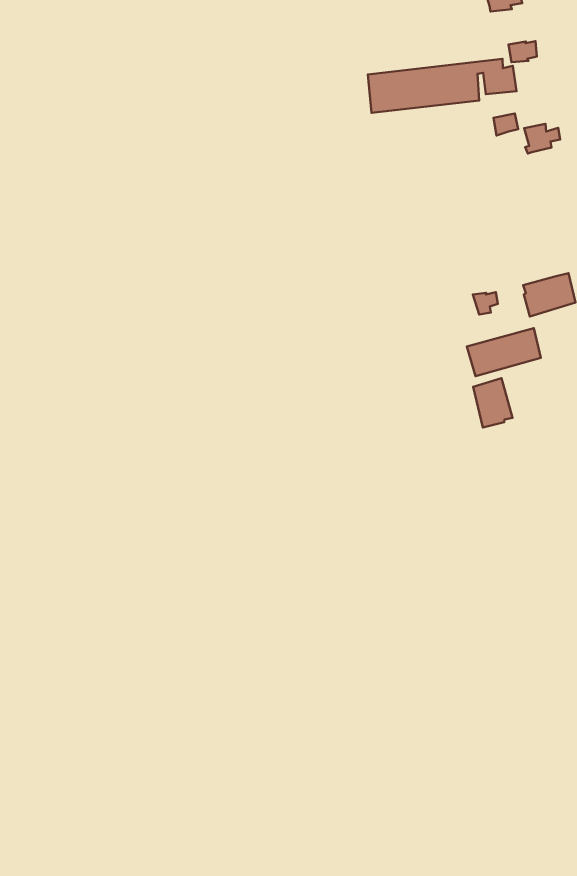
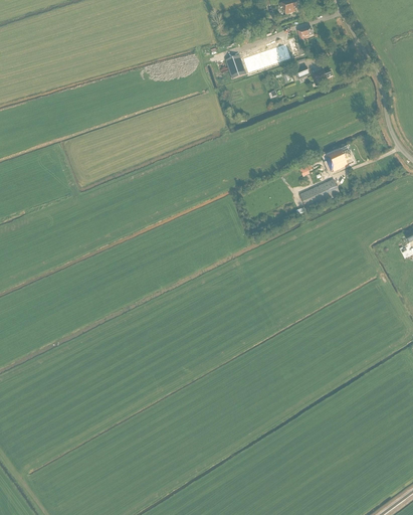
building: [473,378,513,428] -> none

